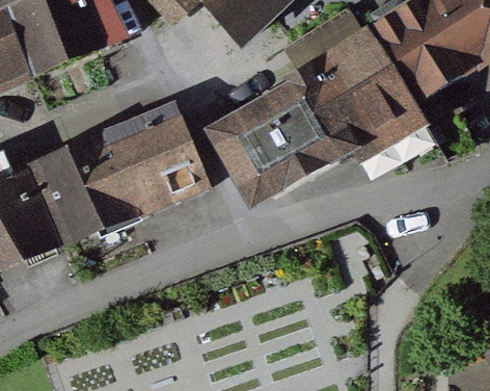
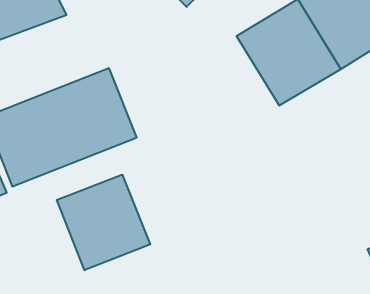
building: [207,72,353,212] -> none
building: none -> [57,175,150,270]

